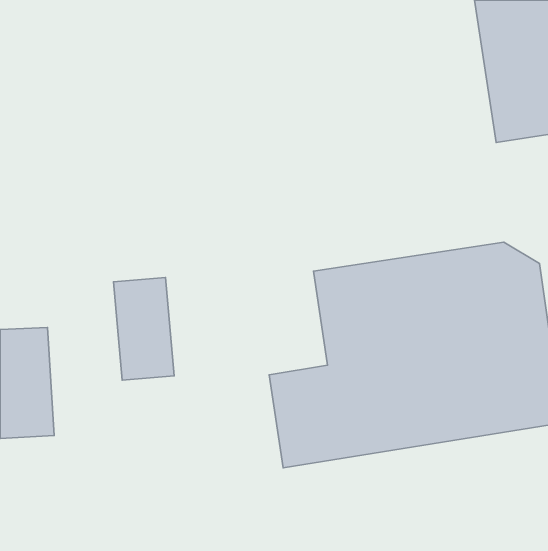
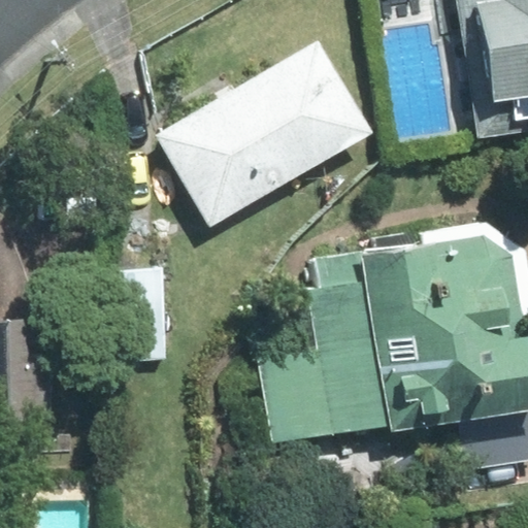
building: none -> [157,39,373,226]

